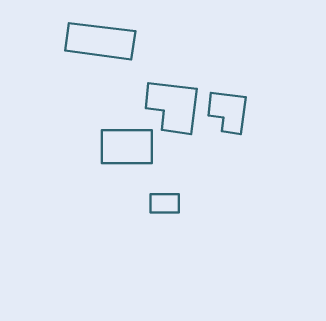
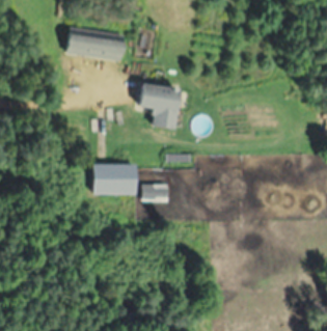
building: [209,93,246,134] -> none
building: [102,130,152,163] -> [92,164,138,194]

